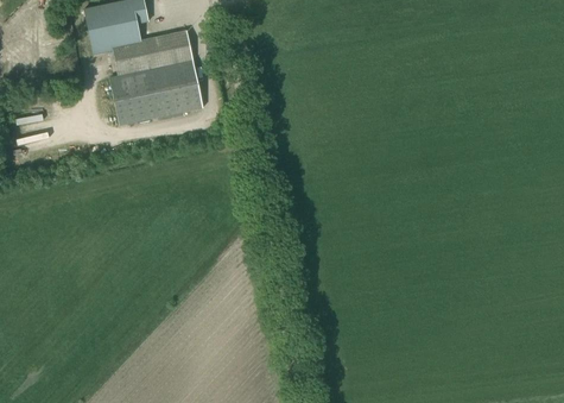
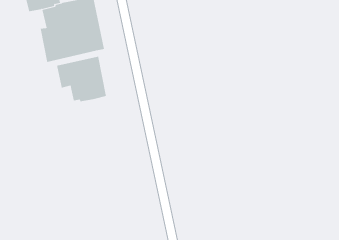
building: none -> [57,56,107,102]

